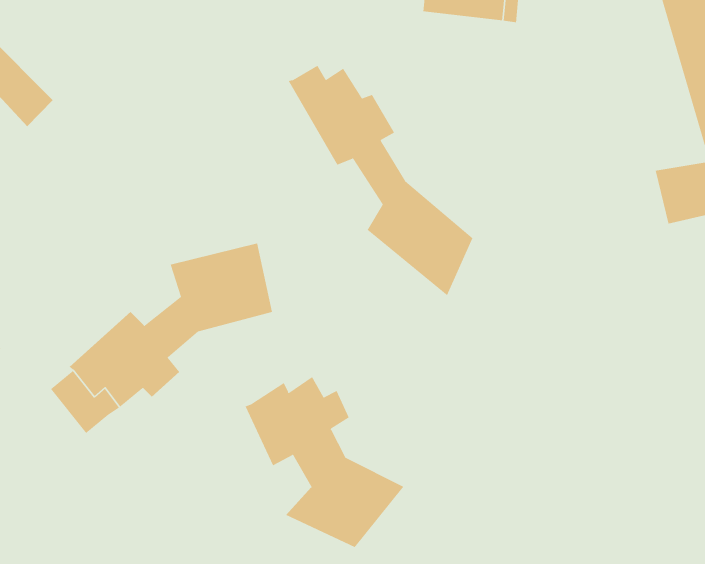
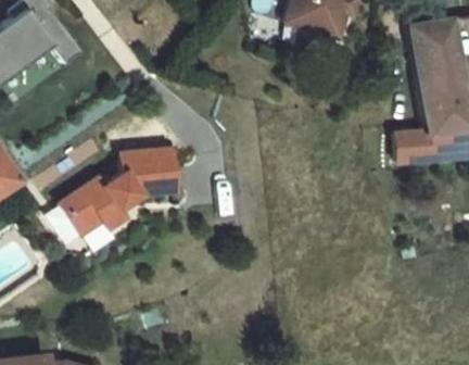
building: [288,65,473,296] -> none
building: [245,376,404,548] -> none

